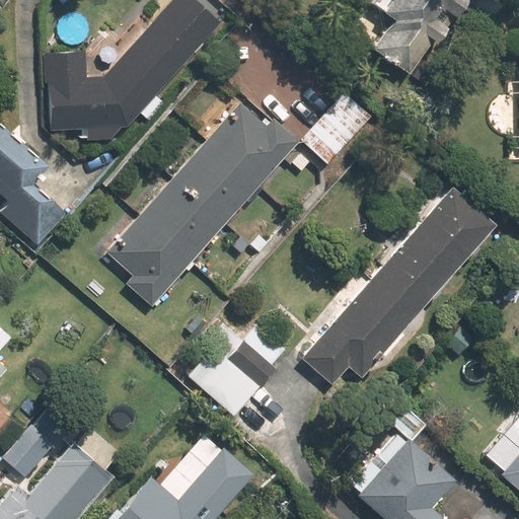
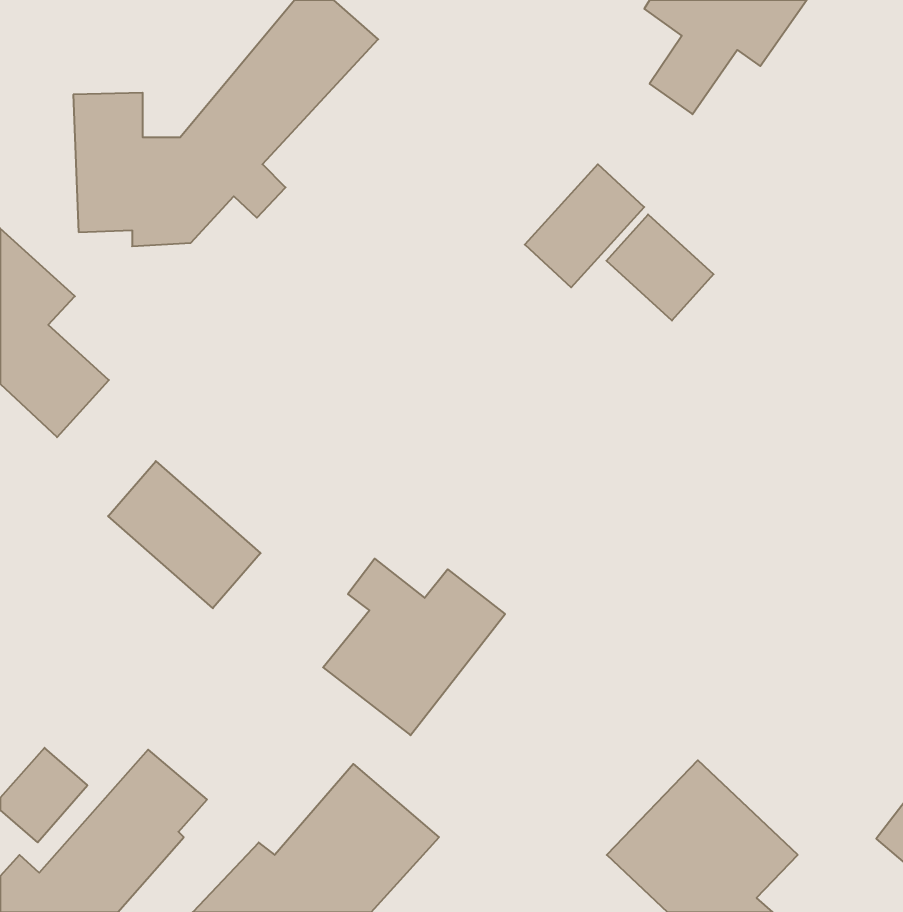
building: [107,101,300,308] -> none
building: none -> [606,214,714,321]
building: [304,189,491,385] -> none
building: none -> [108,461,261,608]

